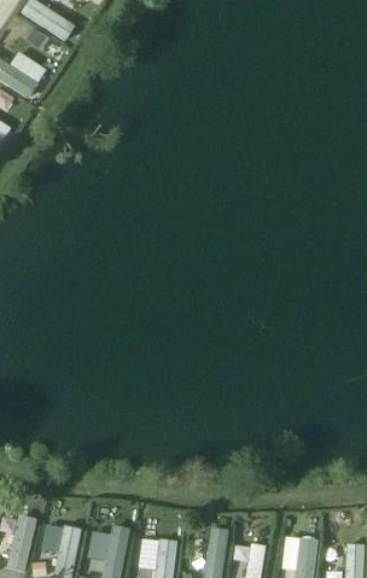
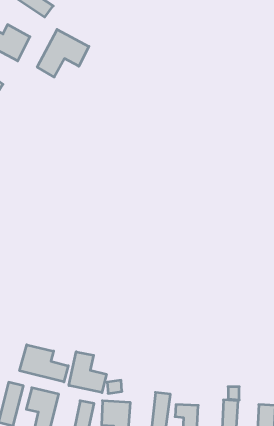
building: none -> [37,29,89,77]
building: none -> [20,345,68,382]
building: none -> [69,352,106,393]

